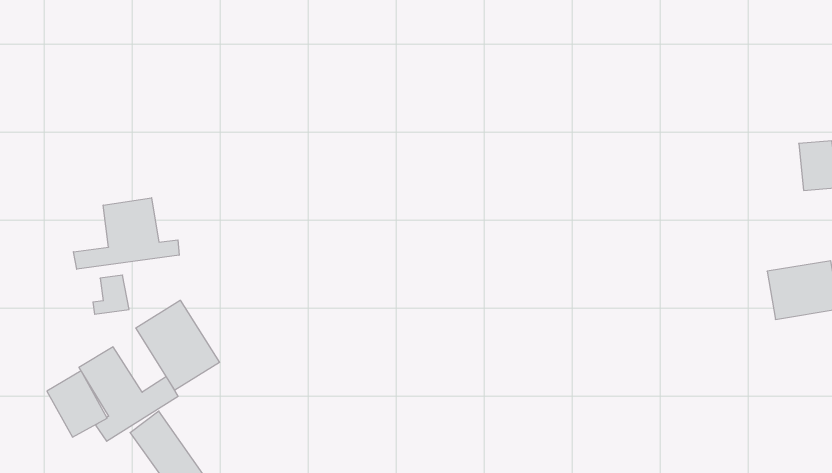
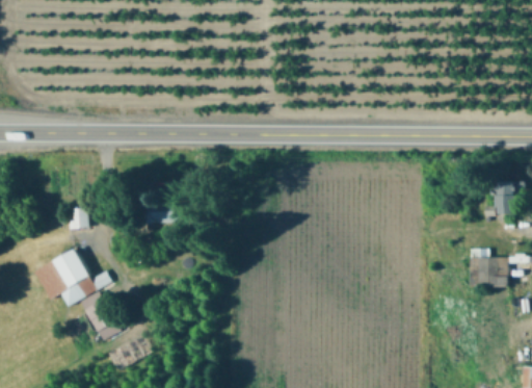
building: [73,198,179,269] -> none
building: [136,300,220,390] -> none

